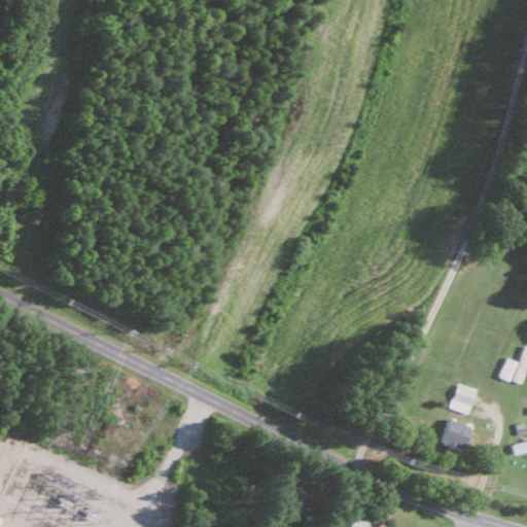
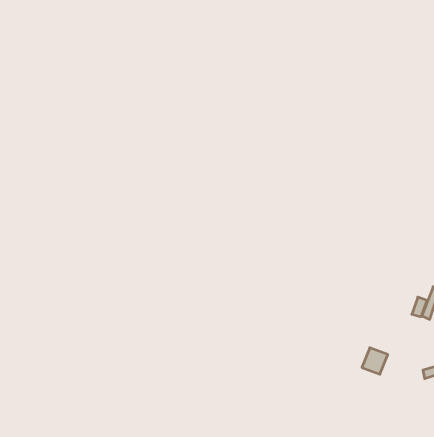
building: [451,384,476,414] -> none

